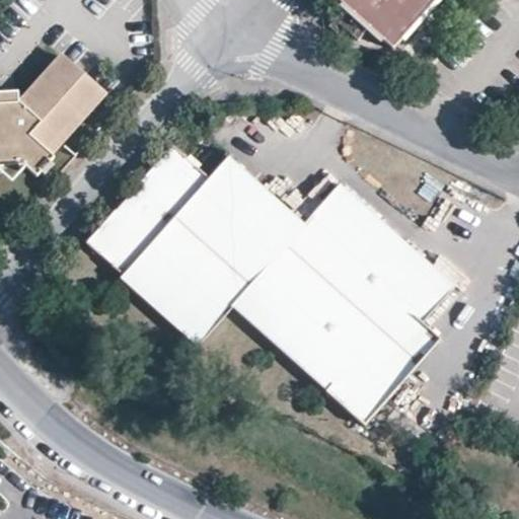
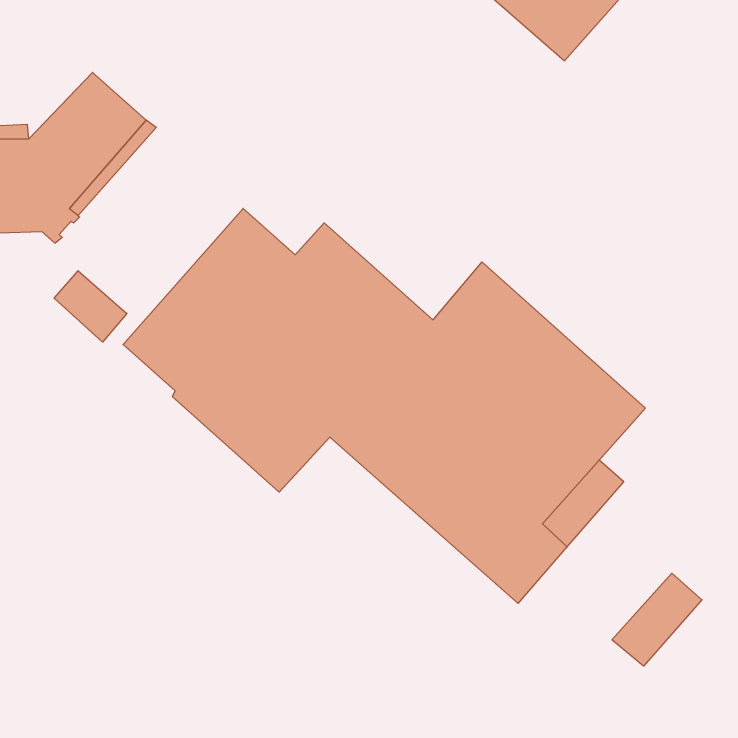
building: none -> [54,271,127,342]
building: none -> [612,573,702,666]

